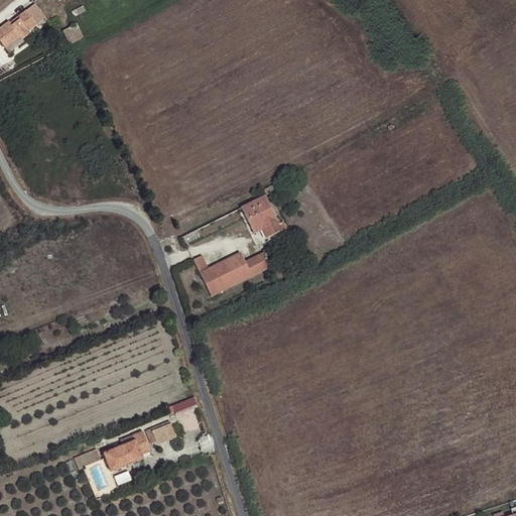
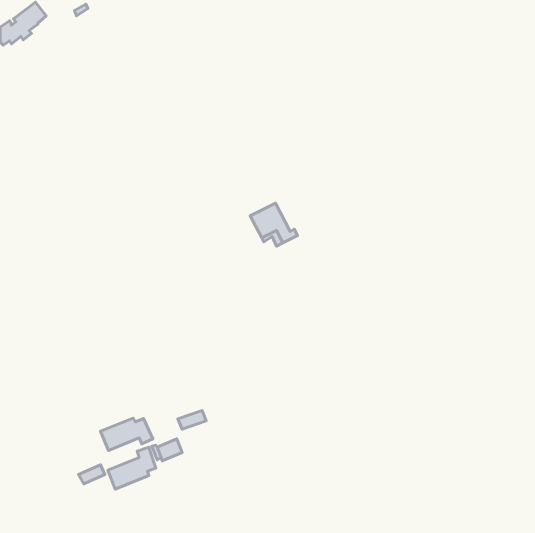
building: [194,252,270,295] -> none
building: none -> [101,418,153,450]

